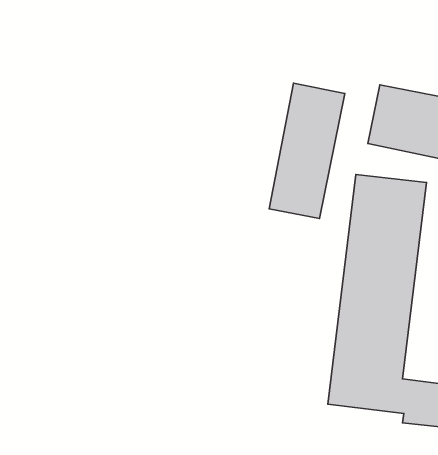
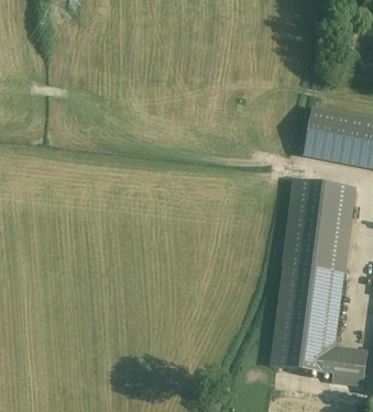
building: [269,83,345,219] -> none

